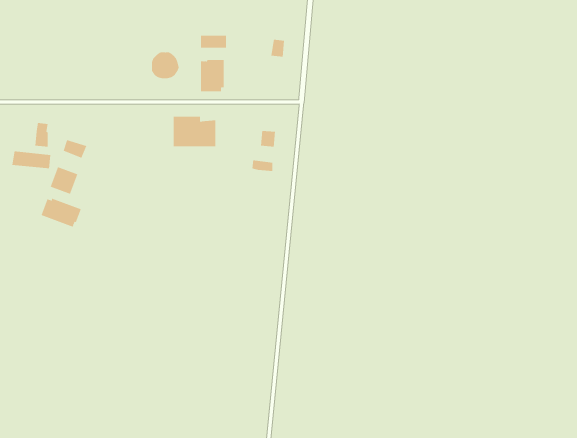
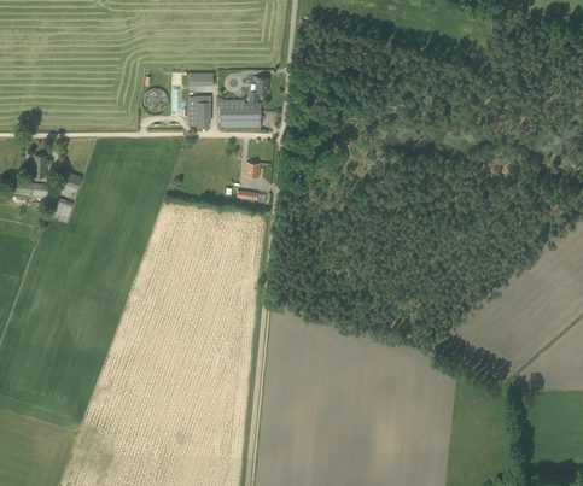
building: [173,116,216,147] -> [220,98,261,127]
building: [41,198,81,227] -> none

